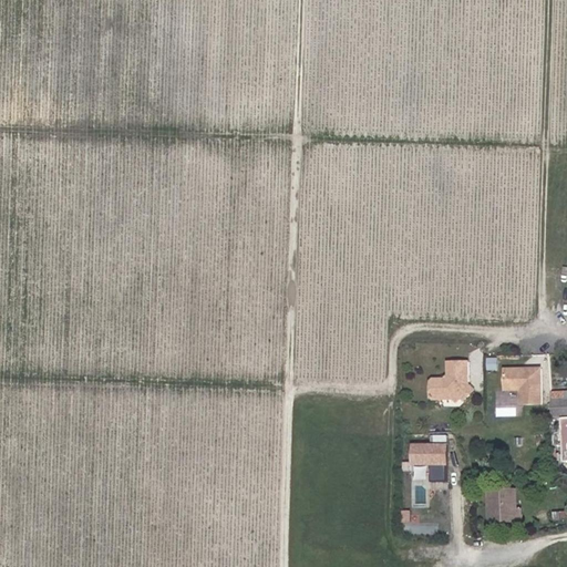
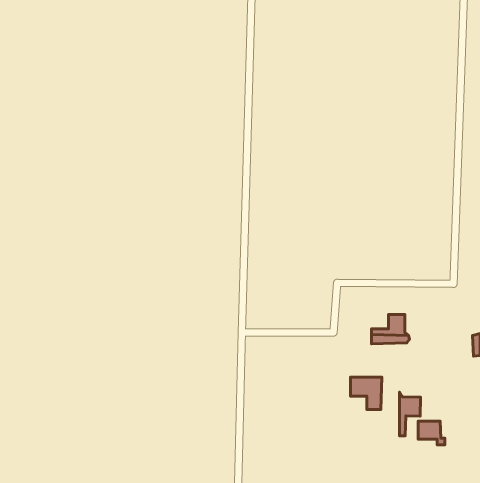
building: [502,367,542,403] -> none
building: none -> [400,392,421,436]

